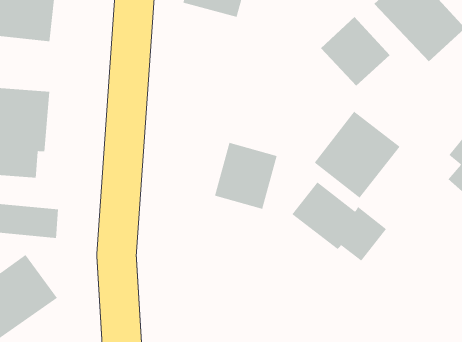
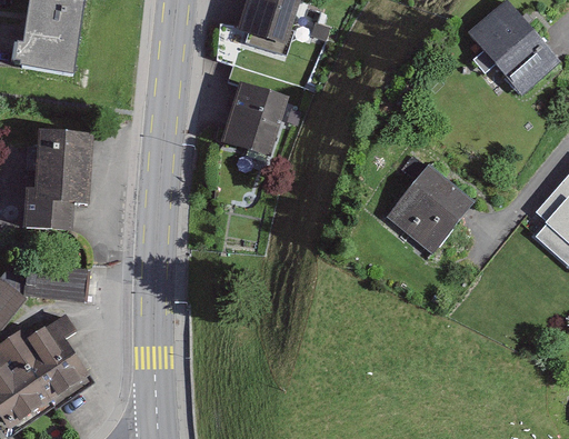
building: [320,16,391,87] -> none
building: [214,142,278,209] -> [216,81,288,158]
building: [291,181,387,262] -> none

